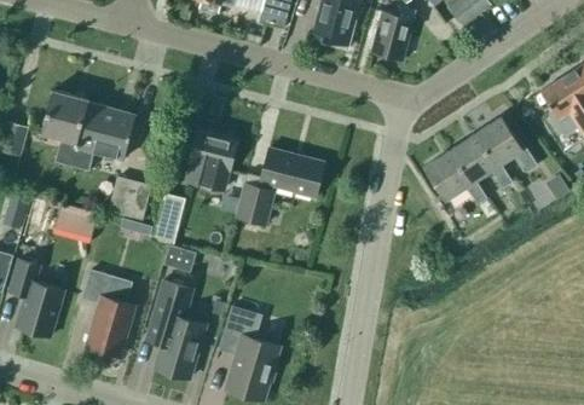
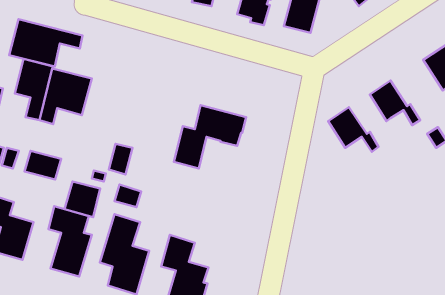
building: none -> [9,19,82,66]
building: [186,128,237,190] -> none
building: [450,134,511,187] -> none
building: [108,177,151,220] -> [65,181,100,217]

